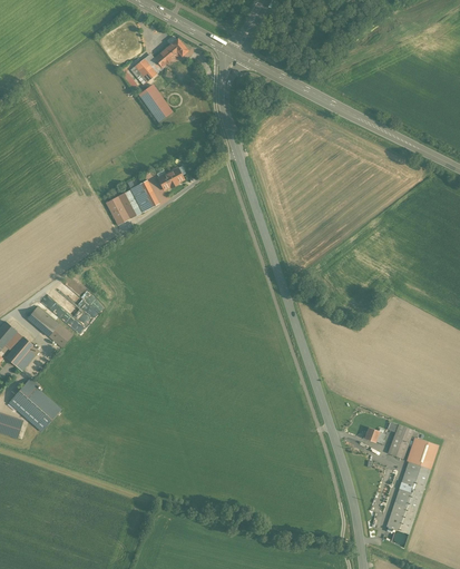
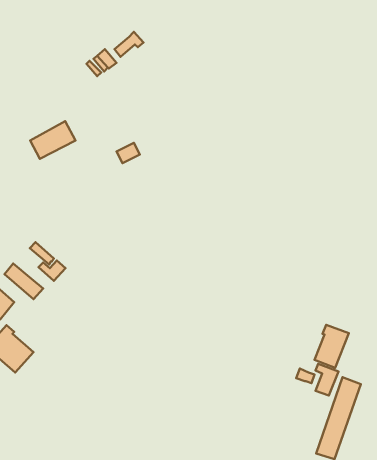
building: [139,85,173,122] -> none
building: [108,178,160,222] -> [30,121,76,159]
building: none -> [314,325,349,368]

